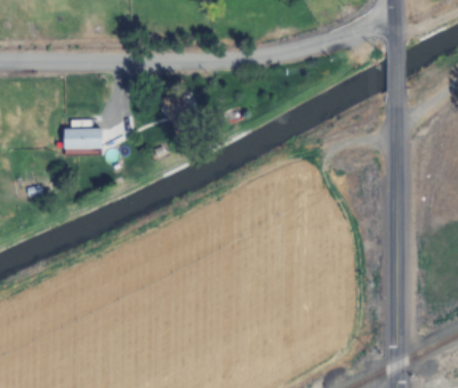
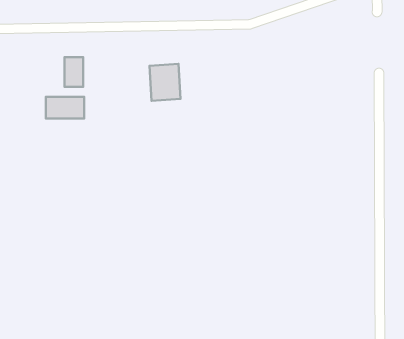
building: none -> [64,57,83,87]

